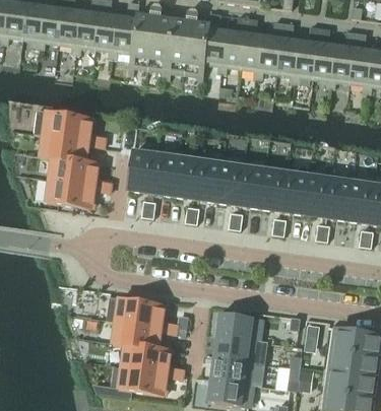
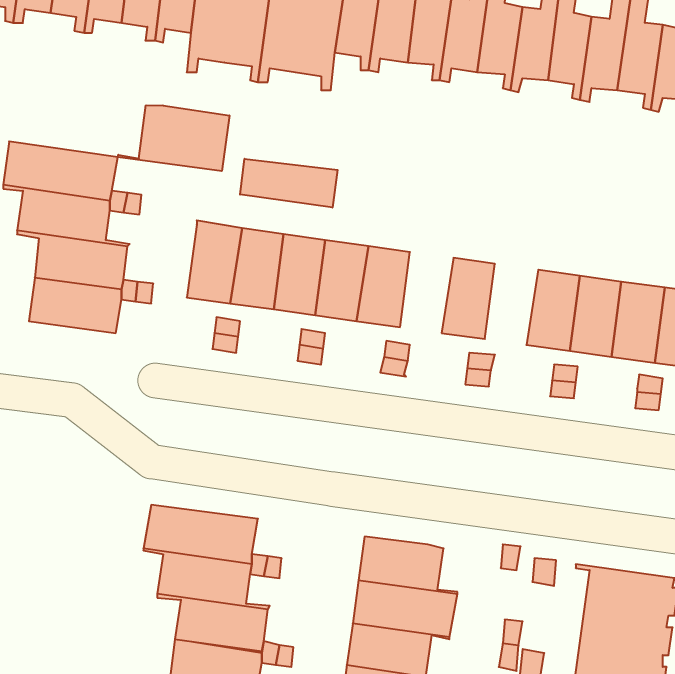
building: none -> [118,105,229,171]
building: none -> [240,159,338,208]
building: [238,165,265,207] -> none
building: [281,172,309,213] -> none

